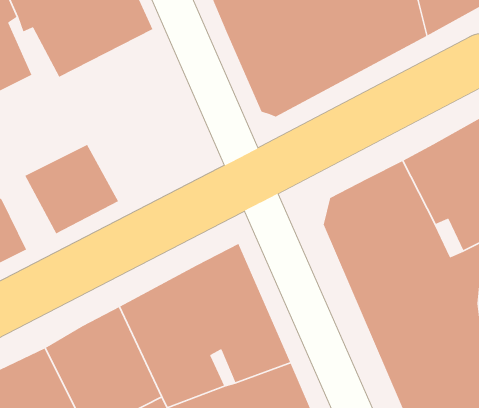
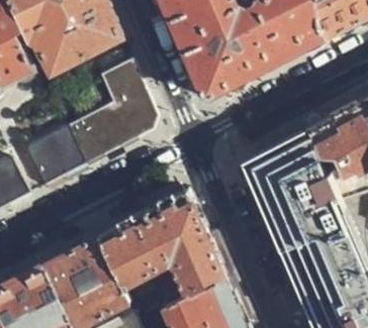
building: none -> [74,59,155,159]

